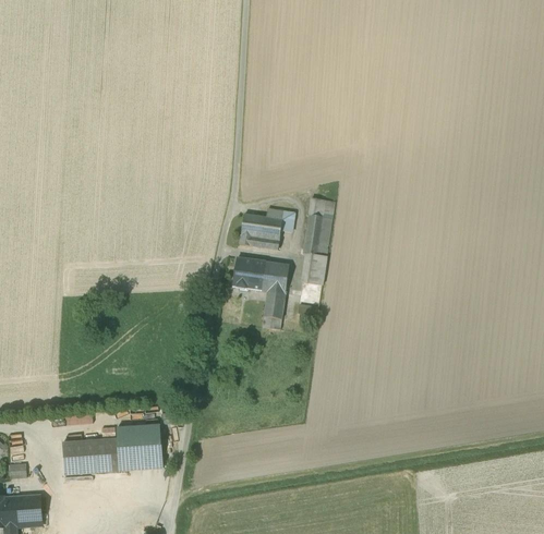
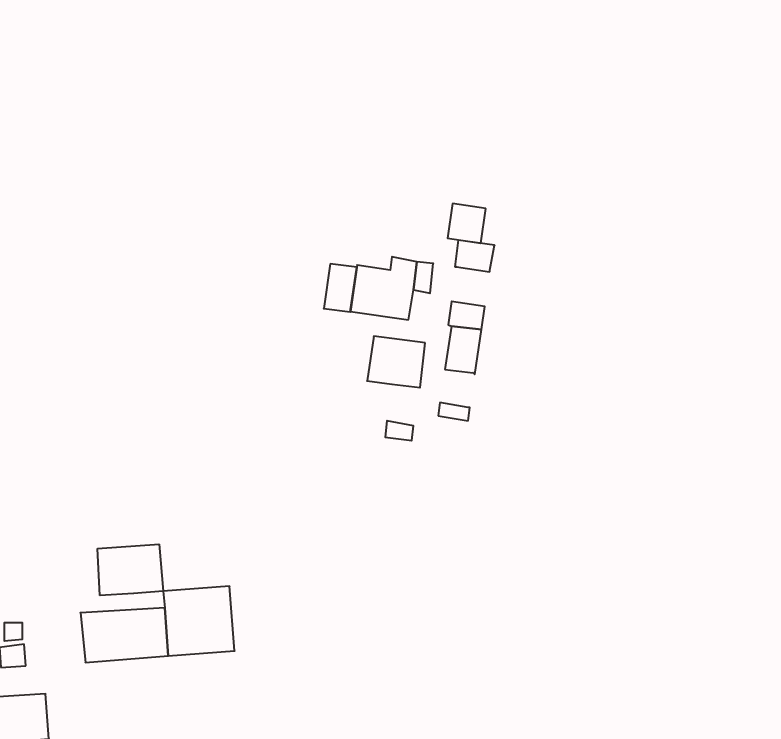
building: [306,214,331,240] -> [448,204,486,243]
building: [233,257,255,289] -> [324,264,357,312]
building: [264,291,286,318] -> none
building: none -> [98,544,163,595]

